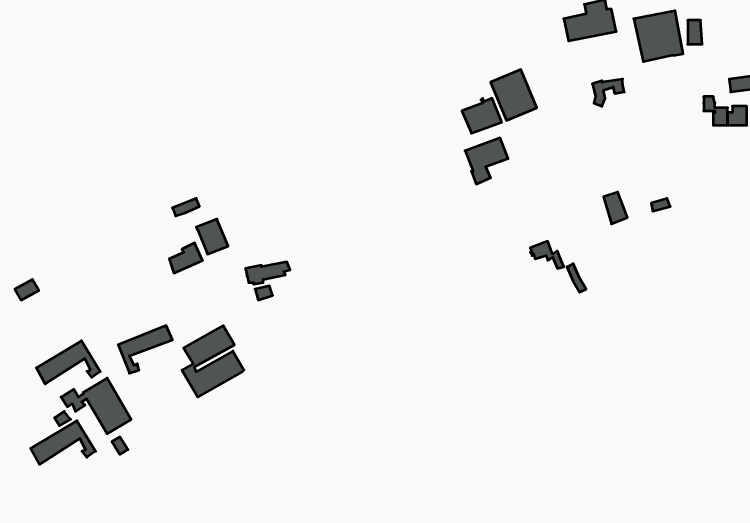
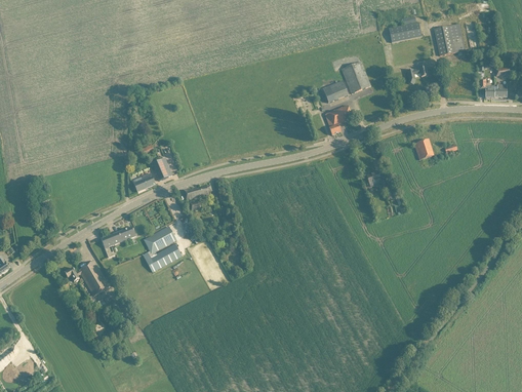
building: [36,341,100,384] -> none
building: [31,421,96,464] -> none

